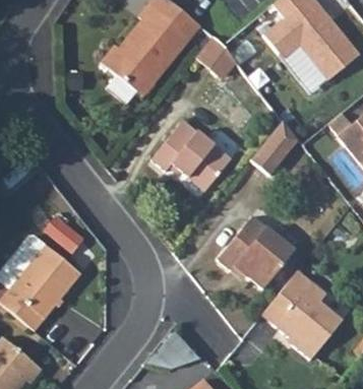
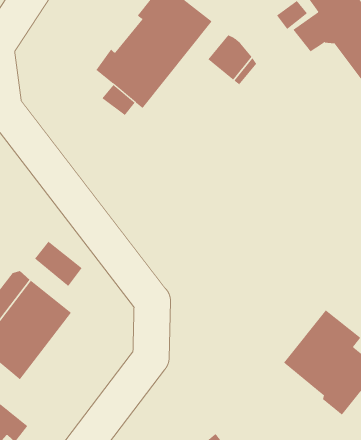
building: [252,118,299,173] -> none
building: [150,123,230,193] -> none
building: [218,218,294,289] -> none

